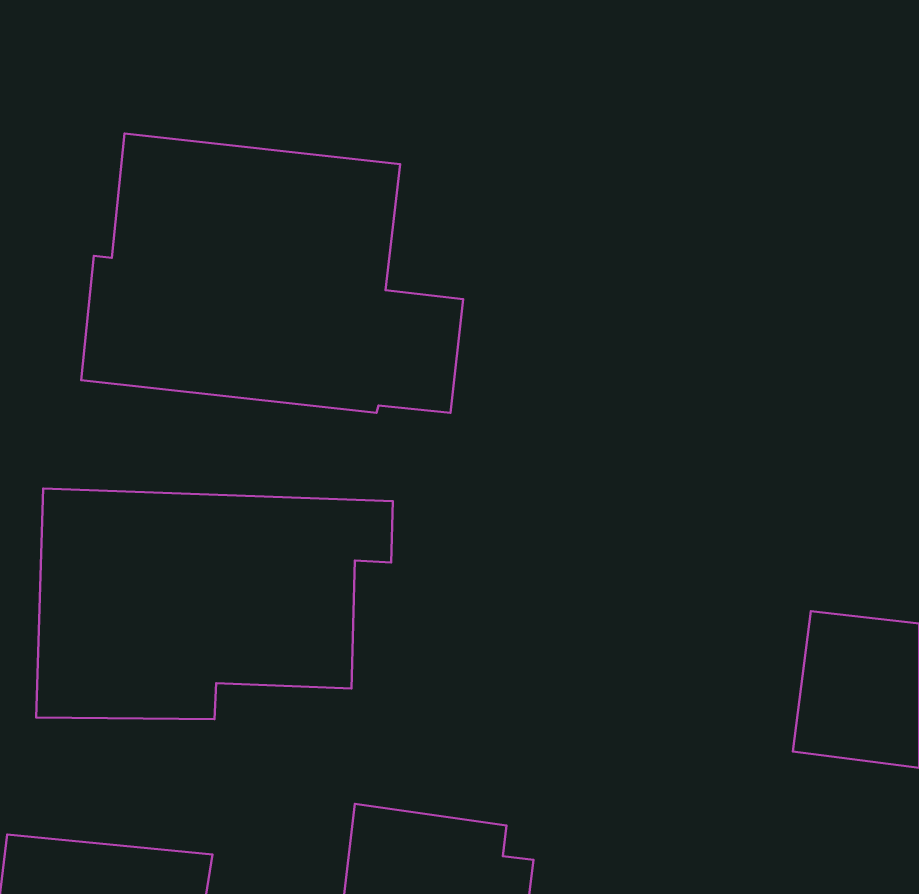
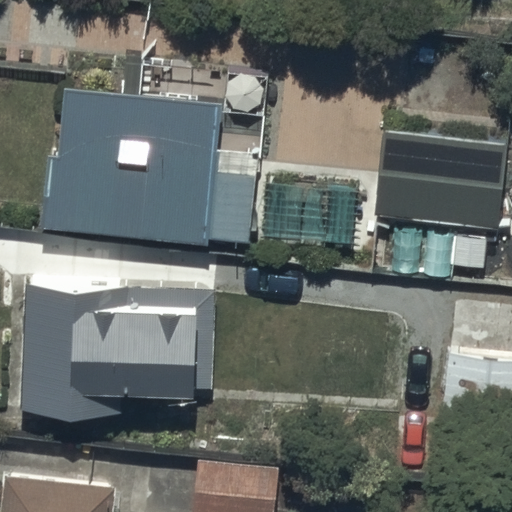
building: none -> [374,131,501,230]

